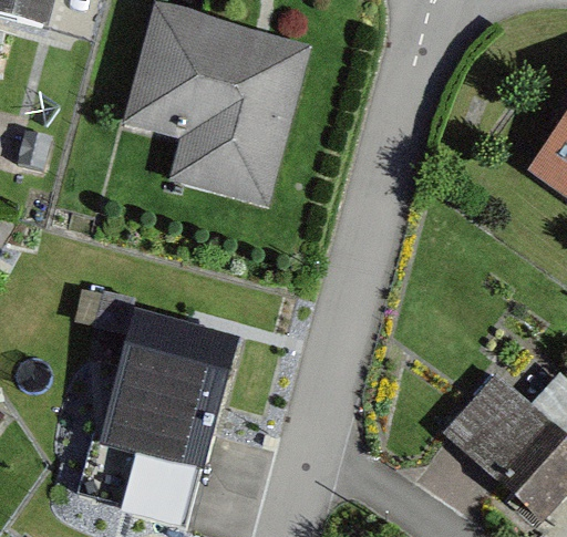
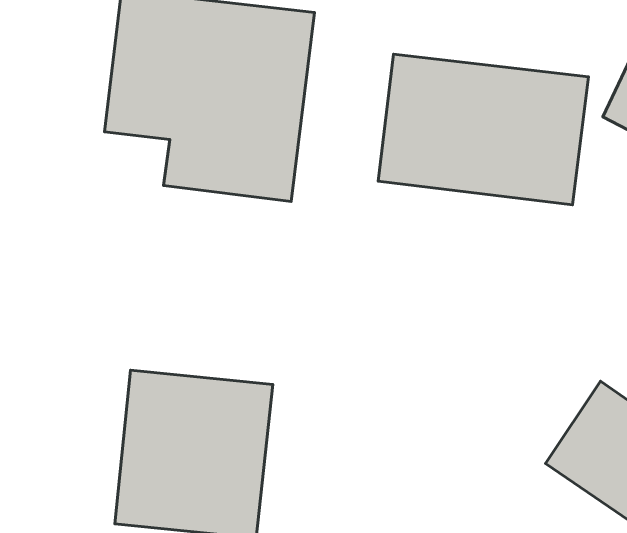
building: none -> [378,54,588,205]

